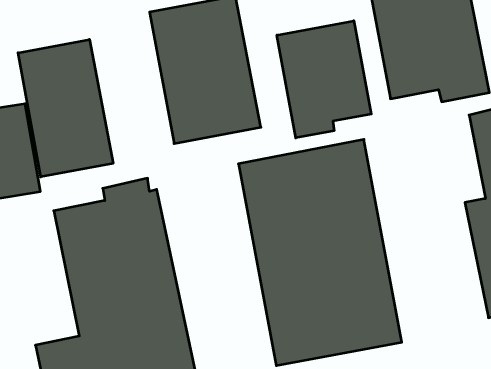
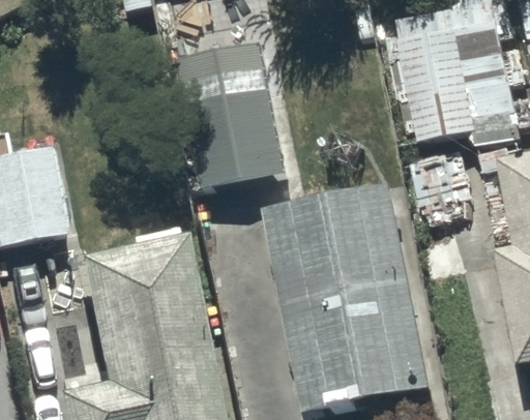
building: [277,21,371,138] -> none
building: [18,39,113,177] -> none

